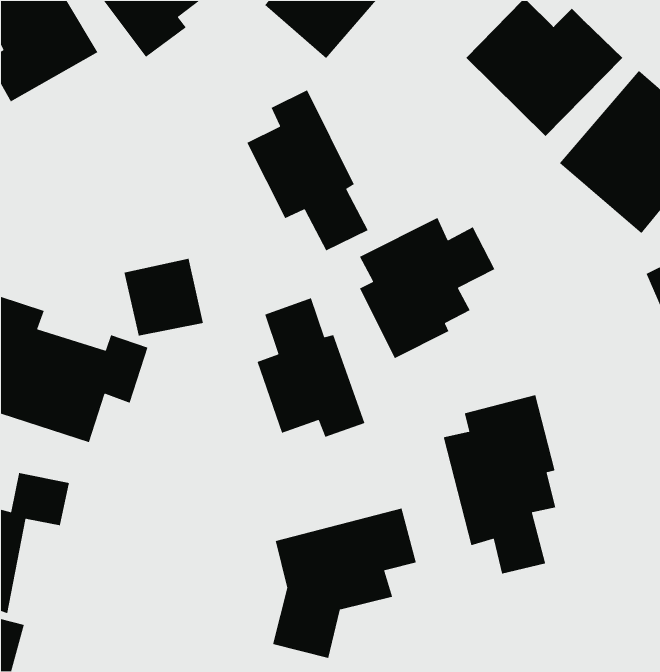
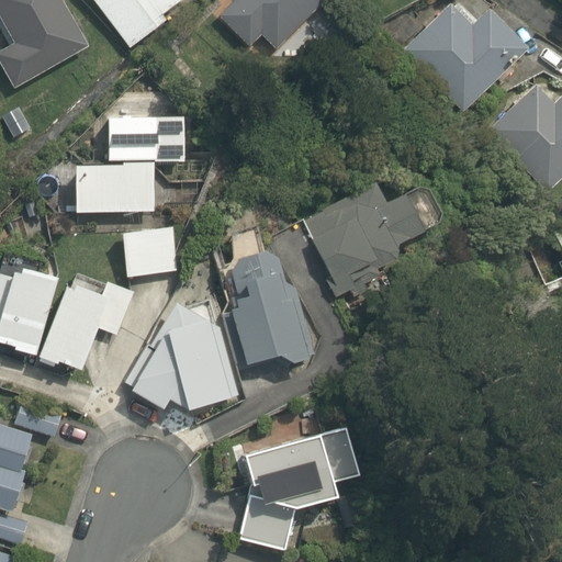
building: [246,89,369,252] -> none
building: none -> [60,111,181,214]
building: none -> [125,314,237,408]
building: [443,394,556,575] -> none

